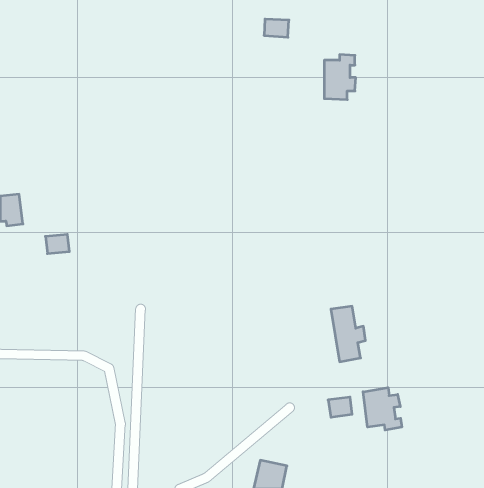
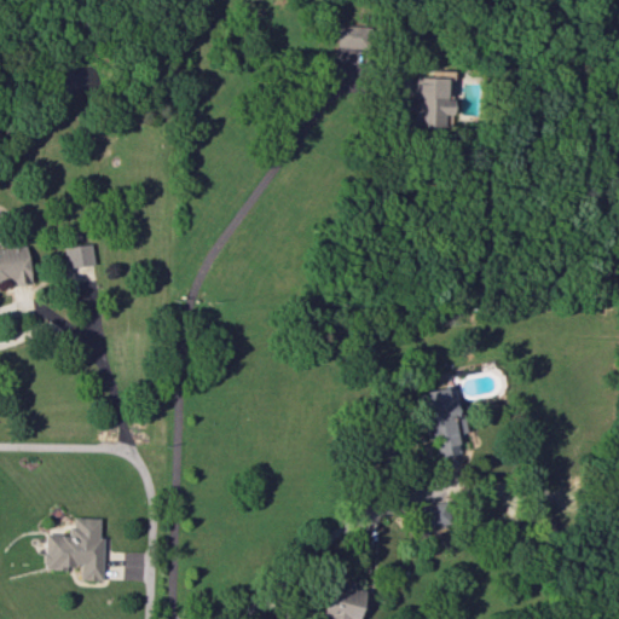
building: [45,234,69,254] -> [68,244,98,268]
building: [363,388,402,430] -> none
building: none -> [47,517,106,582]

